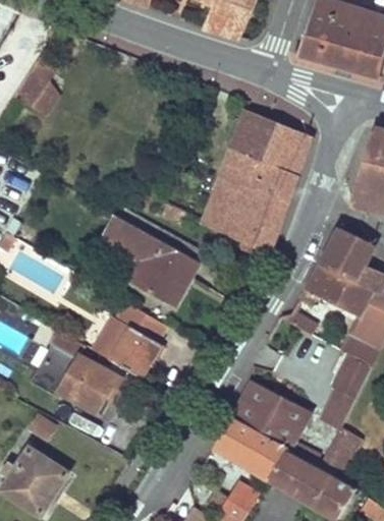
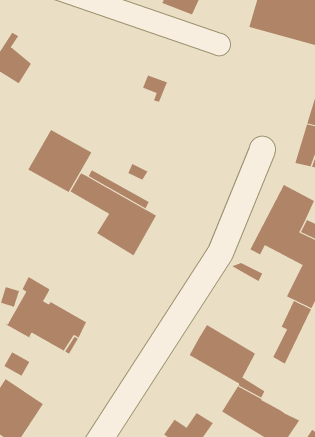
building: [201,110,313,250] -> none
building: none -> [28,129,92,193]
building: [92,304,168,379] -> none
building: [214,417,288,479] -> none
building: [316,427,363,481] -> none

